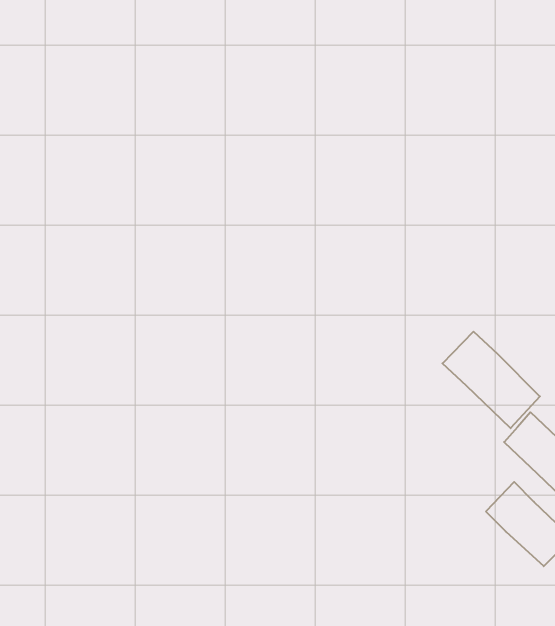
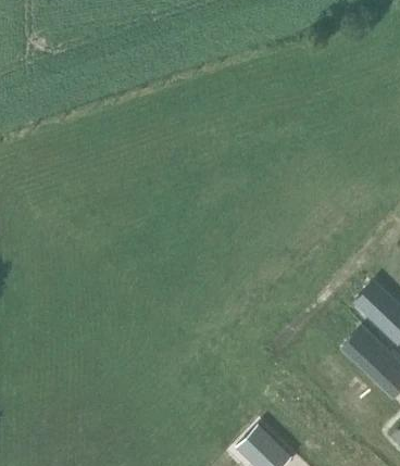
building: [442,332,540,428] -> none

